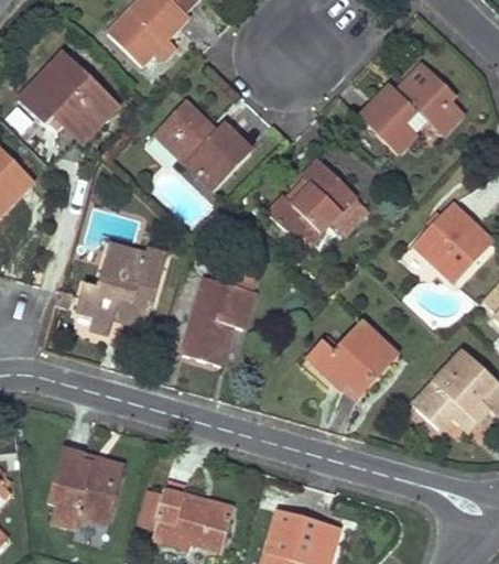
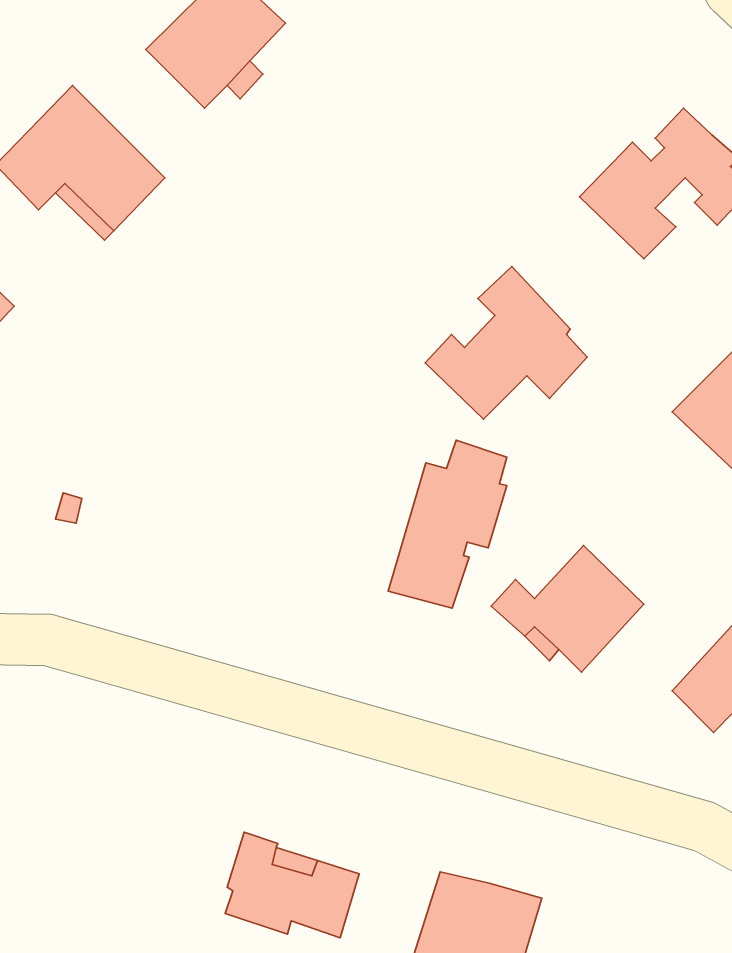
building: [156,100,251,187] -> none
building: [77,243,165,332] -> none
building: [184,263,253,361] -> [388,440,507,608]
building: [47,448,124,527] -> none

